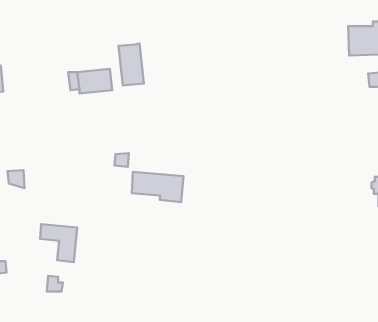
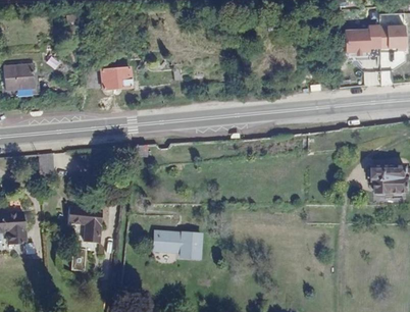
building: [119,44,144,86] -> none
building: [132,172,183,202] -> [155,229,202,257]

